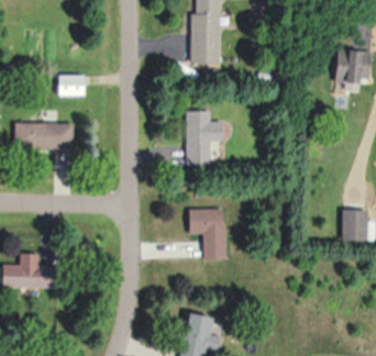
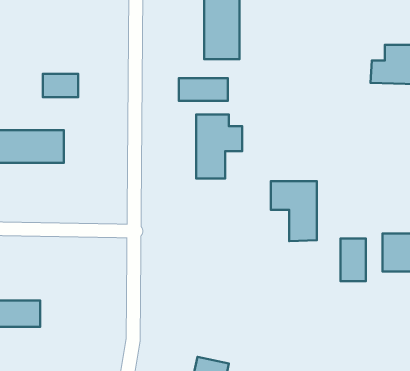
building: none -> [179,78,228,101]
building: [188,210,226,260] -> [271,181,317,241]
building: none -> [340,238,366,281]

